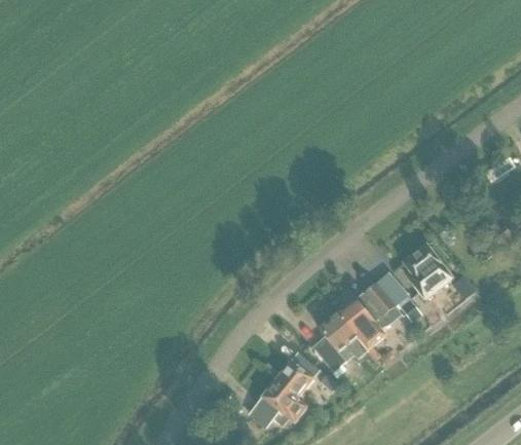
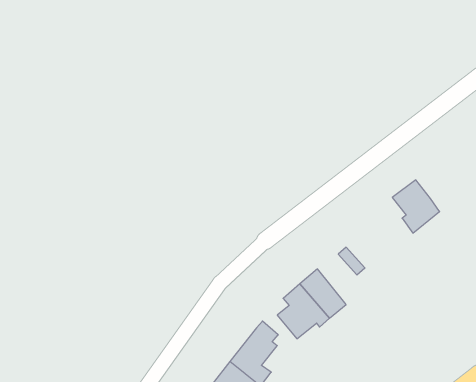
building: [402,243,451,298] -> [392,180,440,233]
building: [363,283,402,324] -> none

